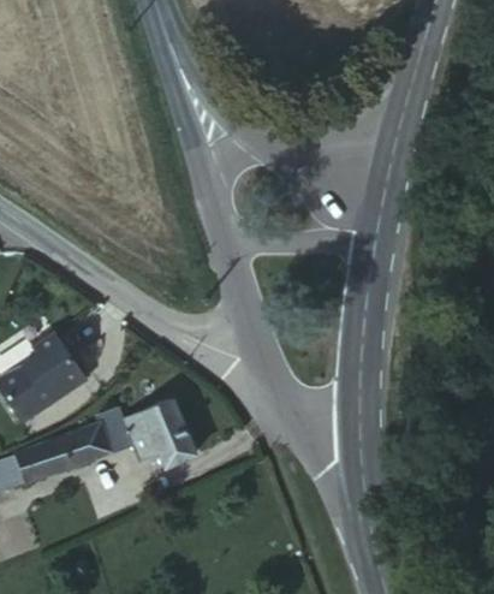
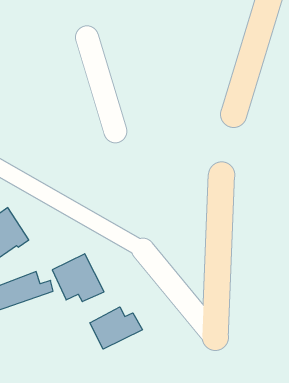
building: none -> [90,307,142,349]

